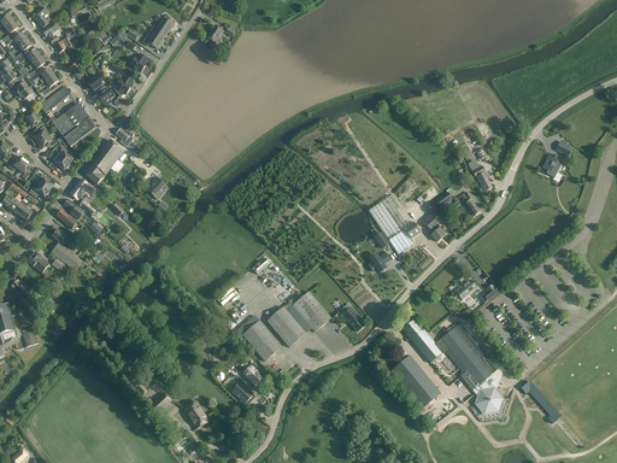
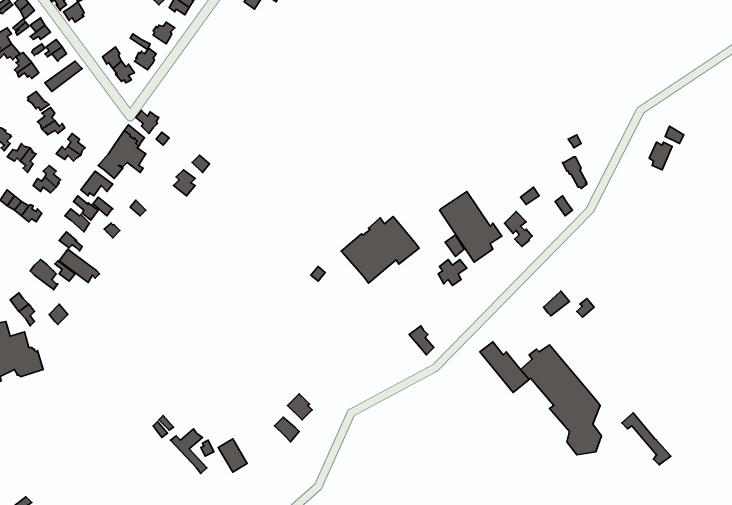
building: [51,102,94,146] -> none
building: [265,291,330,346] -> [341,216,419,283]
building: [239,316,280,361] -> none
building: [389,354,439,408] -> none

